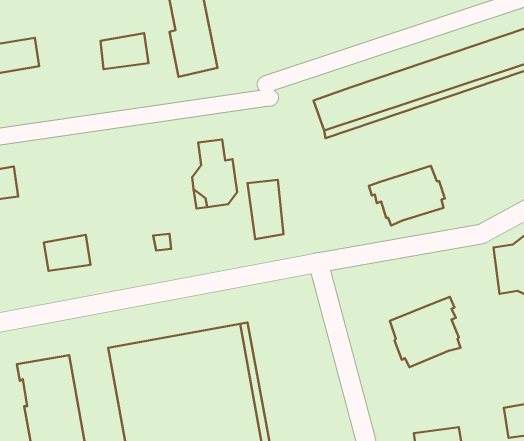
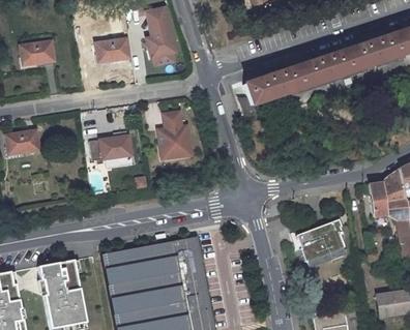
building: [369,166,445,226] -> none
building: [247,180,283,239] -> none
building: [44,235,90,271] -> [100,133,133,158]

